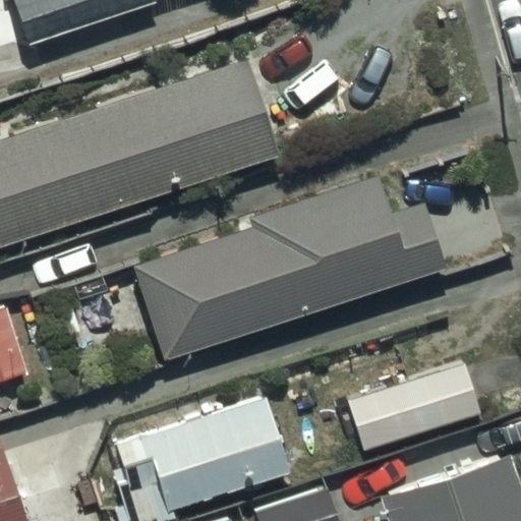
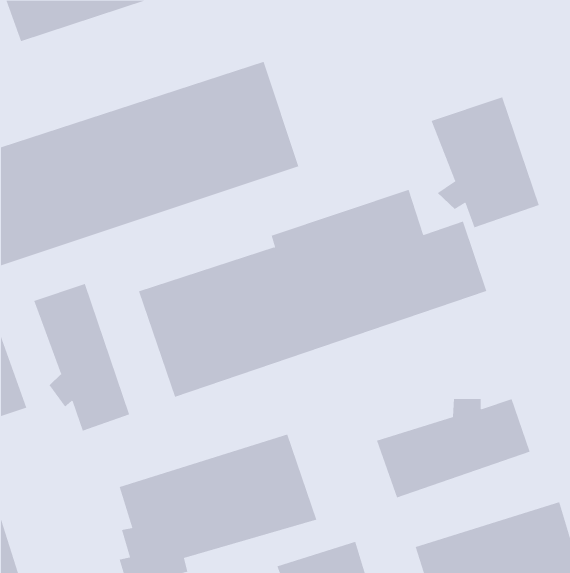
building: none -> [431,97,540,228]
building: none -> [33,283,130,431]

